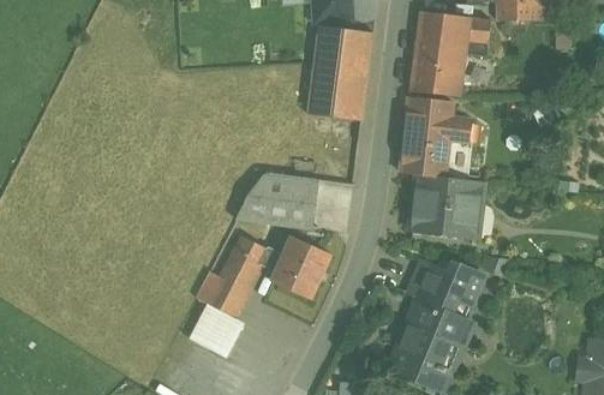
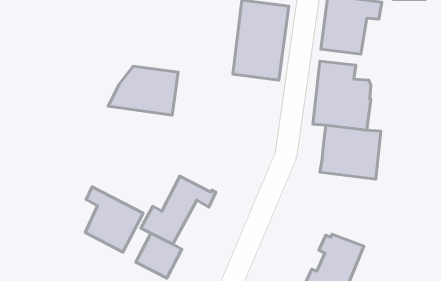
building: [235,172,319,231] -> [108,66,178,115]
building: [273,237,330,299] -> none
building: none -> [85,187,143,252]
building: [411,263,482,319] -> none

